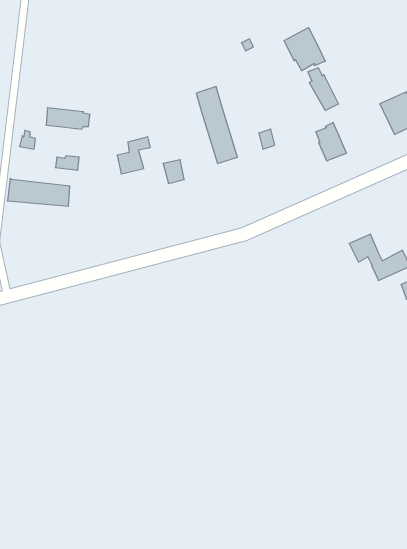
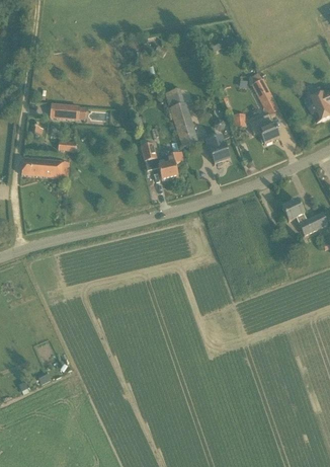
building: [284,28,325,71] -> none
building: [117,137,150,174] -> [158,152,183,180]
building: none -> [207,136,230,164]

